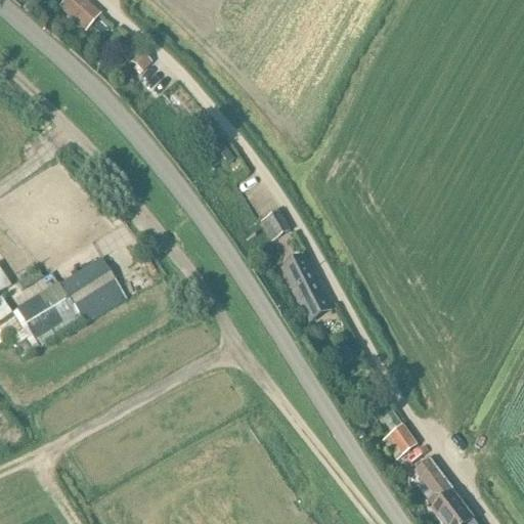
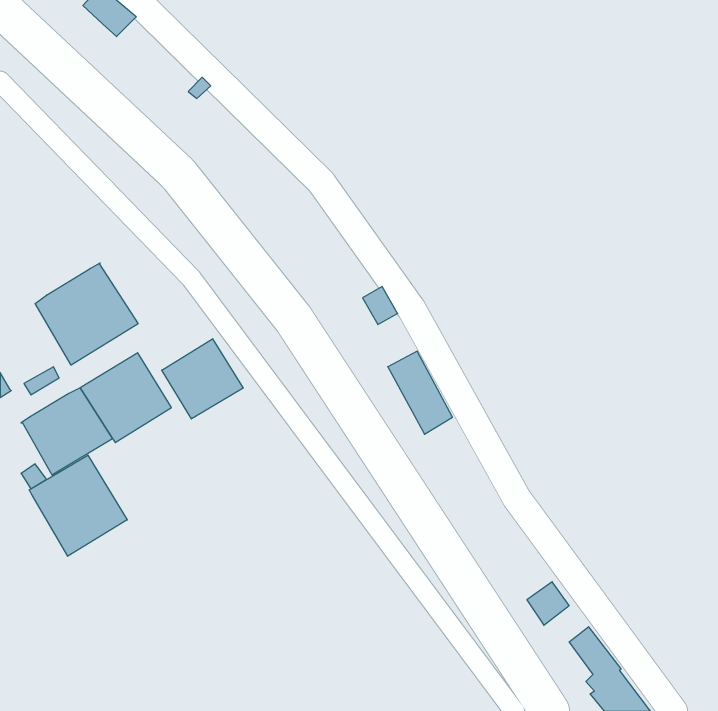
building: none -> [35,263,138,365]
building: none -> [162,339,243,419]
building: none -> [29,455,127,556]

